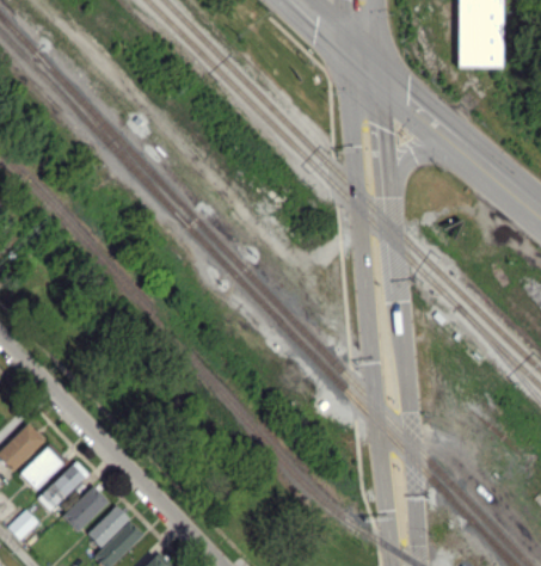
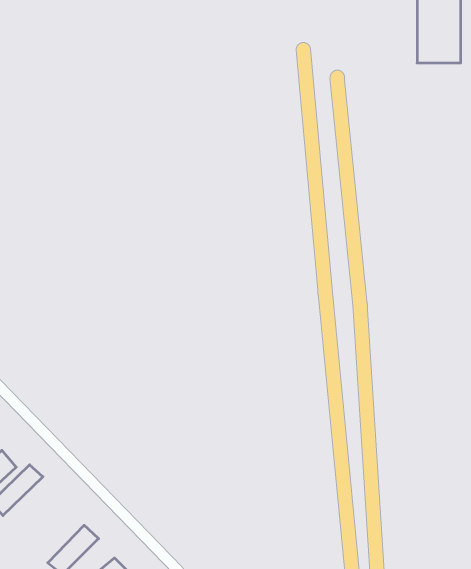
building: [63,485,110,531] -> none
building: [88,505,131,547] -> none

